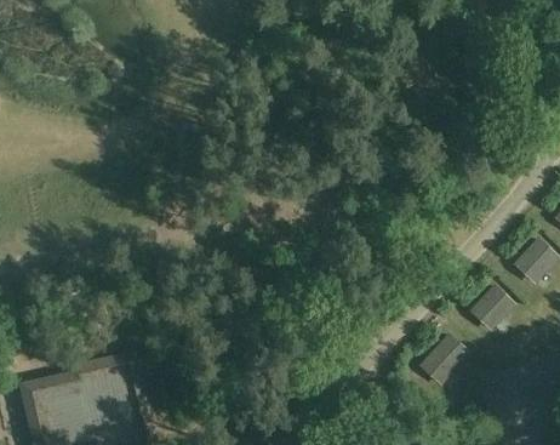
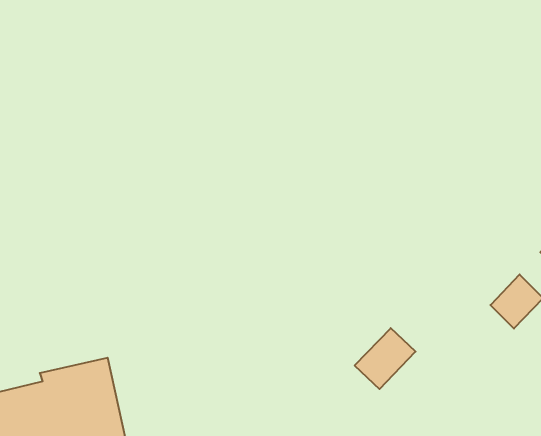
building: [416,332,469,386] -> [355,328,416,389]

